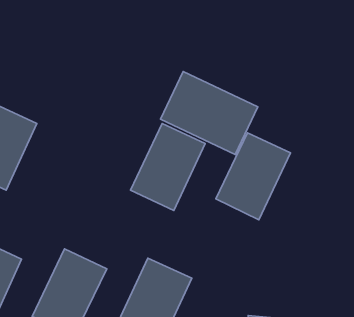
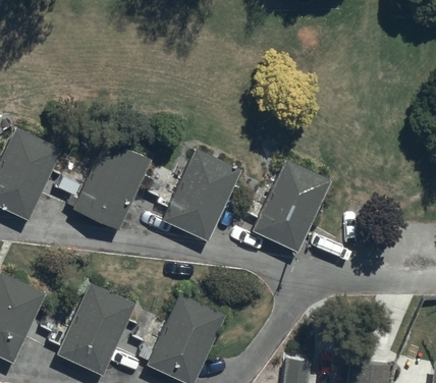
building: [161,72,258,154] -> none
building: none -> [72,138,151,229]

